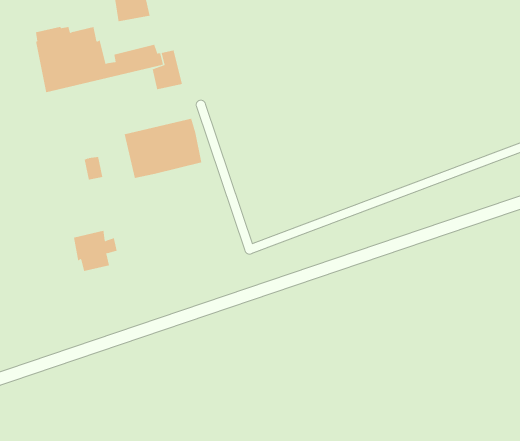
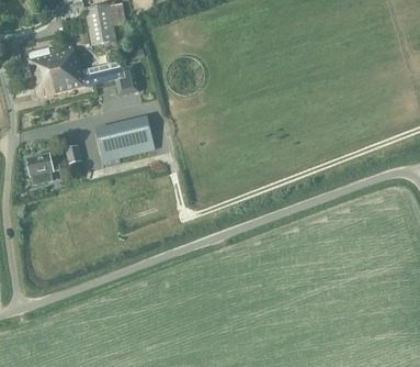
building: [73,230,117,272] -> [26,154,59,185]

